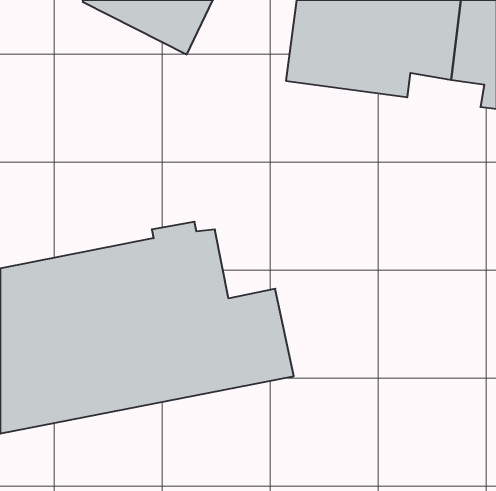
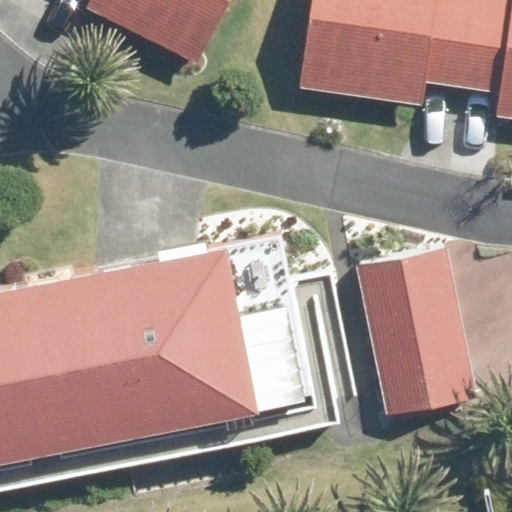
building: none -> [359,250,475,413]

